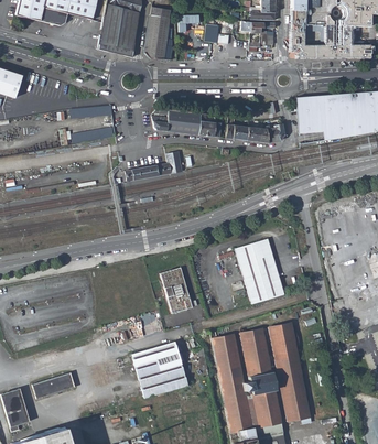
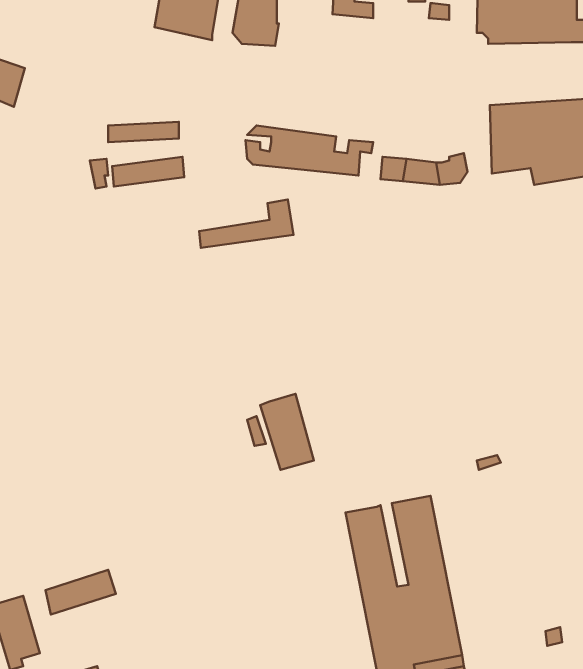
building: [236,238,285,304] -> none
building: [269,322,310,420] -> none
building: [132,340,186,397] -> none

